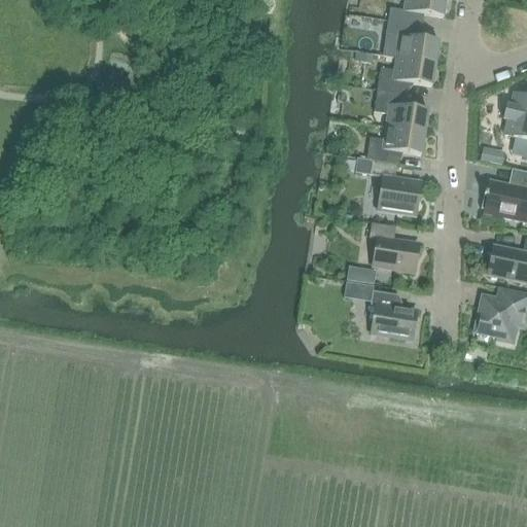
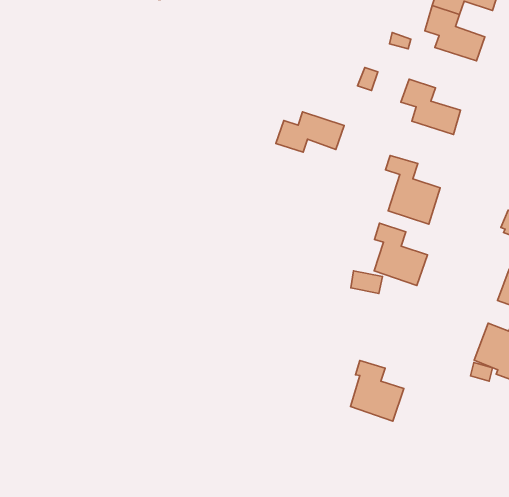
building: [378,56,435,92] -> none
building: [366,125,425,161] -> [276,112,344,152]
building: [372,289,417,339] -> [350,361,404,421]

